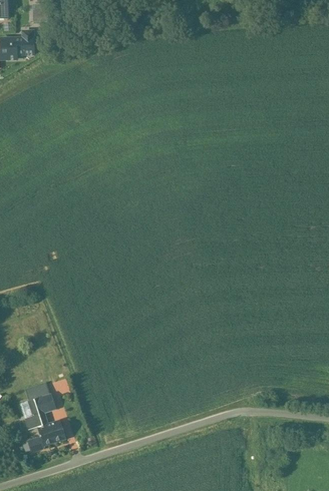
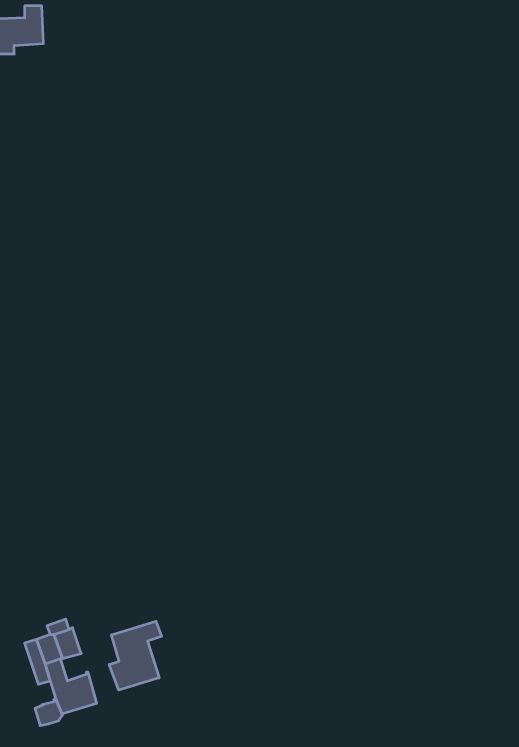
building: none -> [109,621,162,690]

